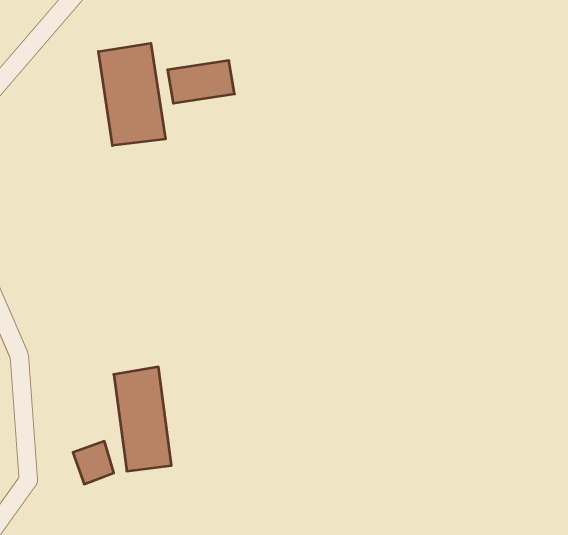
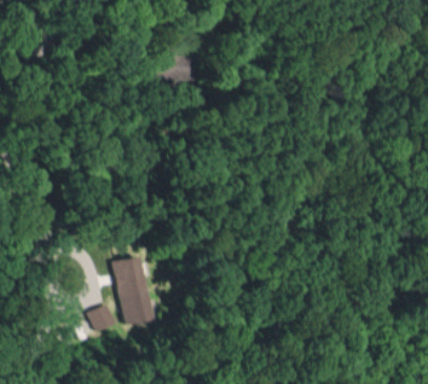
building: [98,43,165,146] -> none

